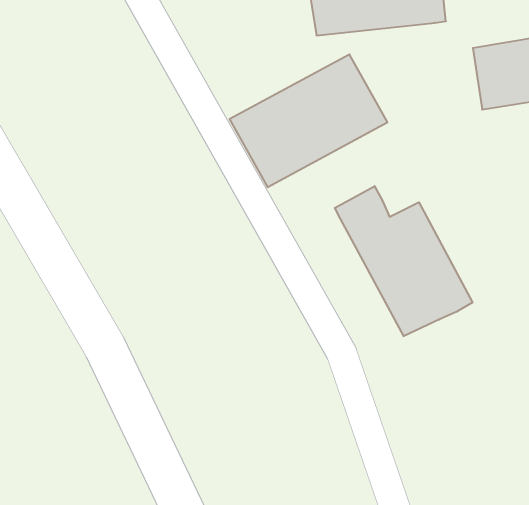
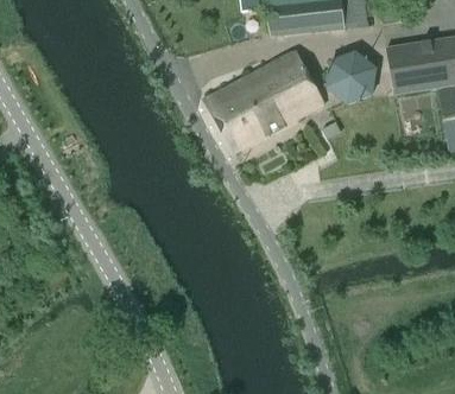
building: none -> [326,50,377,104]
building: [335,186,473,336] -> none

